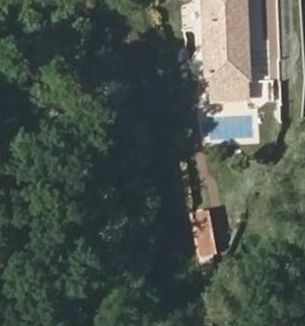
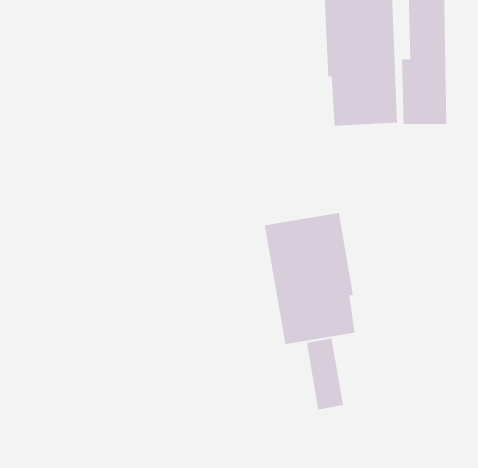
building: [209,78,249,101] -> none
building: none -> [264,212,355,345]

